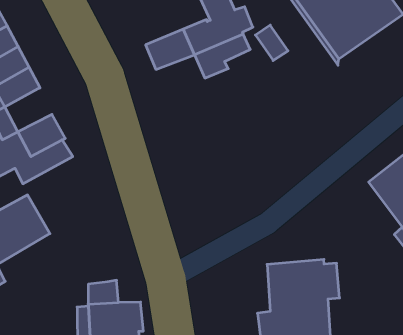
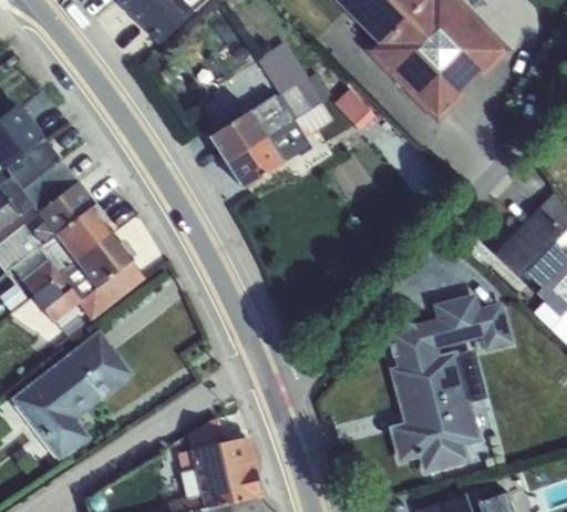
building: none -> [226,137,285,190]
building: none -> [56,206,113,260]
building: none -> [388,293,515,368]

